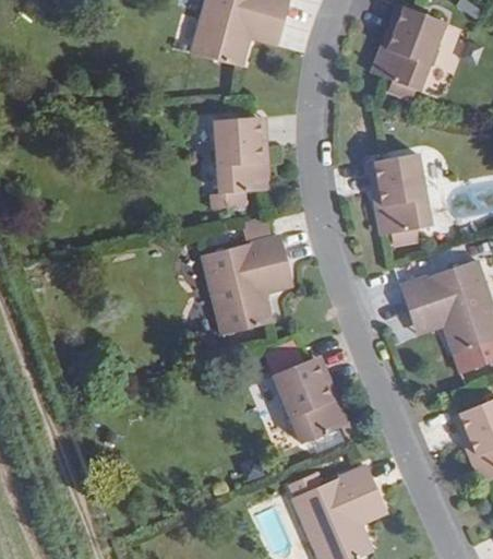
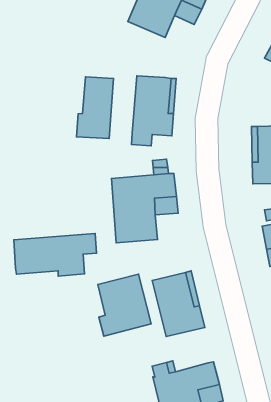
building: none -> [76,77,114,139]
building: none -> [14,233,96,276]
building: none -> [98,274,151,336]

